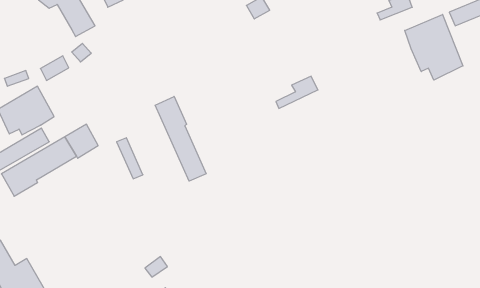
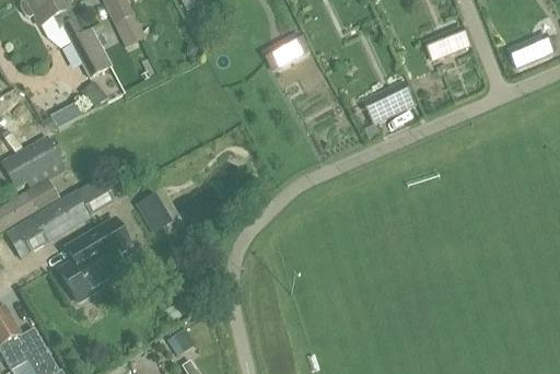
building: [405,14,463,80] -> none
building: [276,76,318,108] -> [365,87,412,124]
building: [155,96,206,181] -> none
building: none -> [58,217,128,300]

